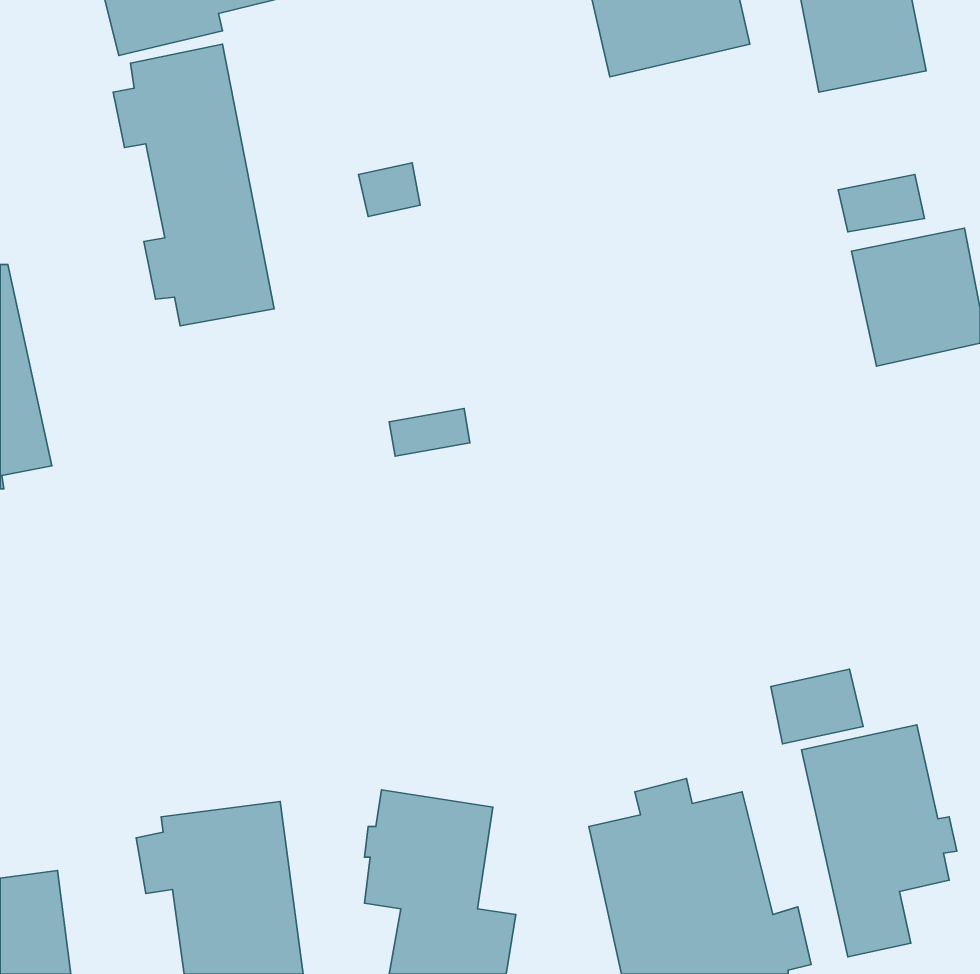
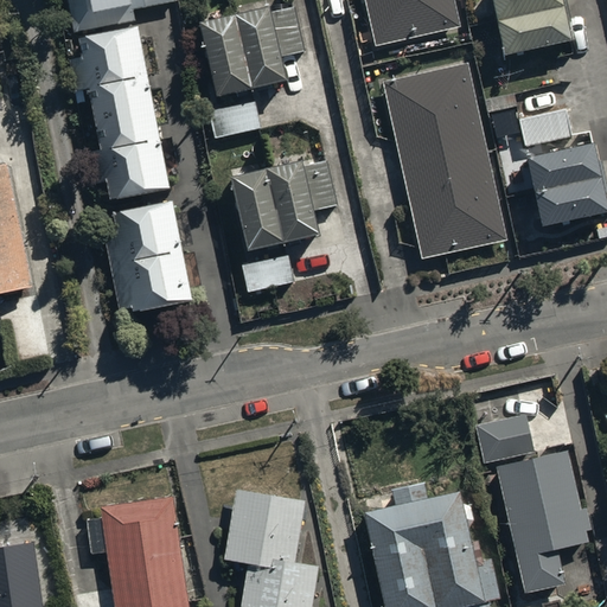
building: none -> [199,6,306,98]
building: none -> [383,65,507,257]
building: none -> [231,159,337,250]
building: none -> [108,203,192,314]

